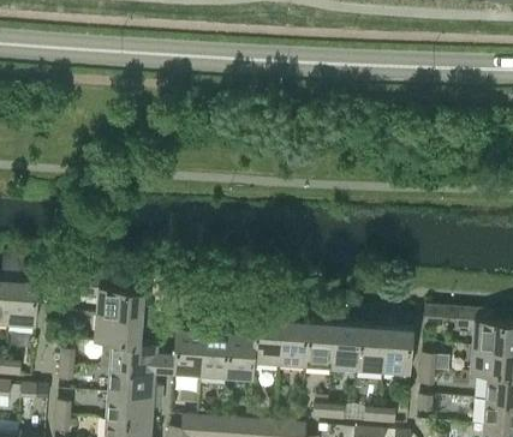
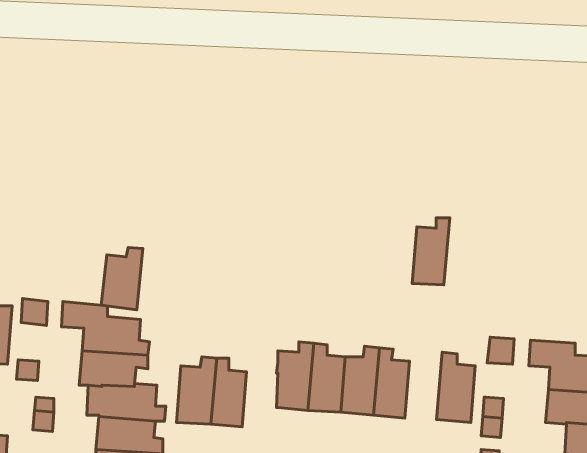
building: none -> [101,247,143,310]
building: [356,317,386,371] -> [412,218,450,285]
building: [225,325,253,379] -> none

